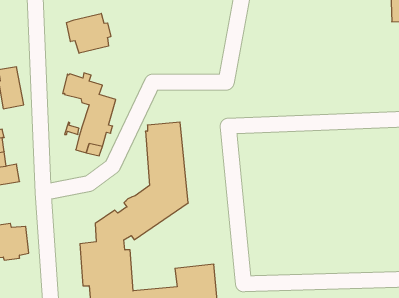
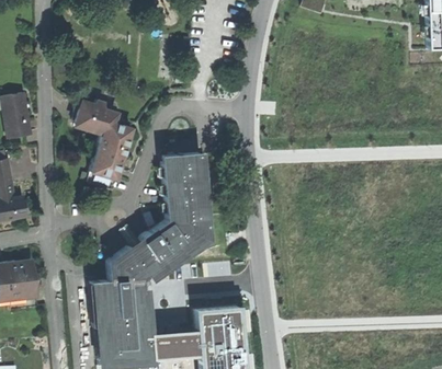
building: [66,13,111,53] -> none

